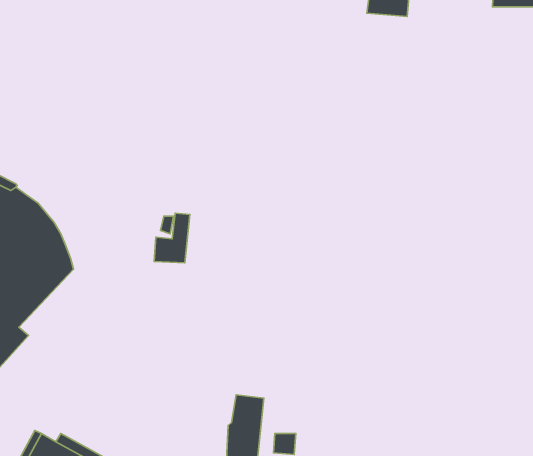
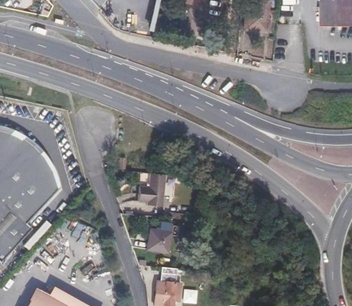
building: [154,213,190,263] -> [146,171,168,202]
building: none -> [147,228,172,255]

